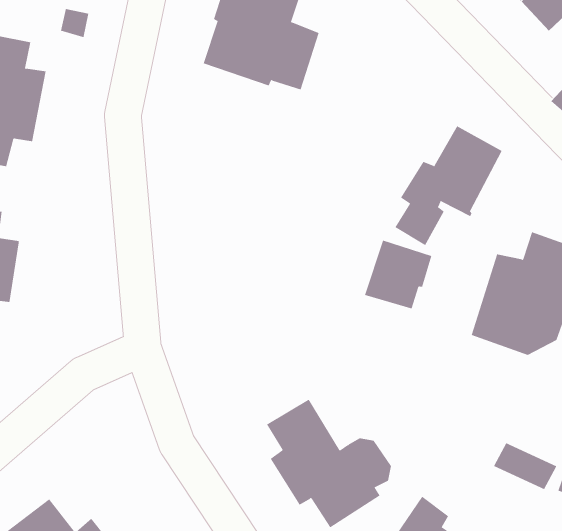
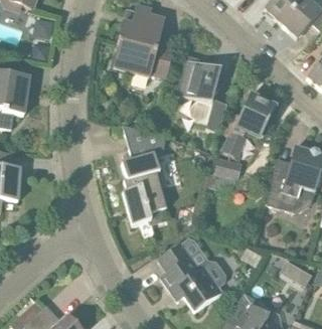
building: none -> [175,54,227,132]
building: none -> [111,124,166,224]

